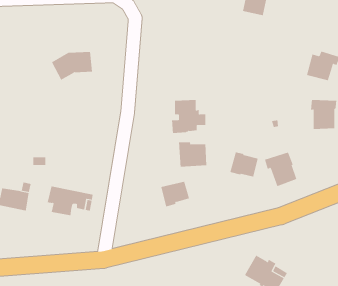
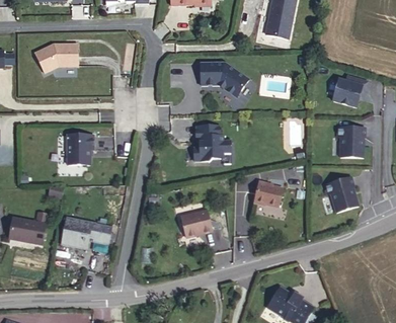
building: none -> [201,61,245,89]
building: [51,51,93,81] -> [35,42,79,72]
building: none -> [65,135,91,165]
building: [178,142,207,168] -> none
building: [264,152,297,187] -> [323,177,358,214]

